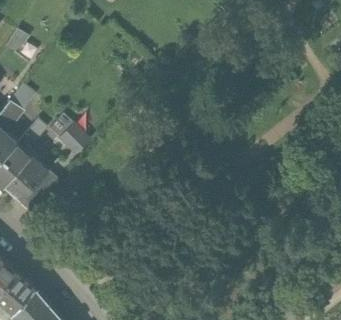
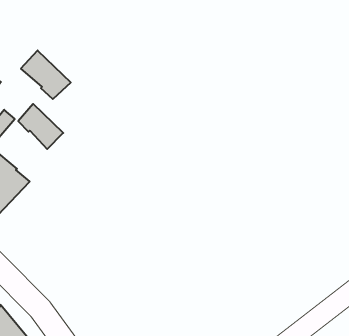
building: none -> [21,50,71,99]

